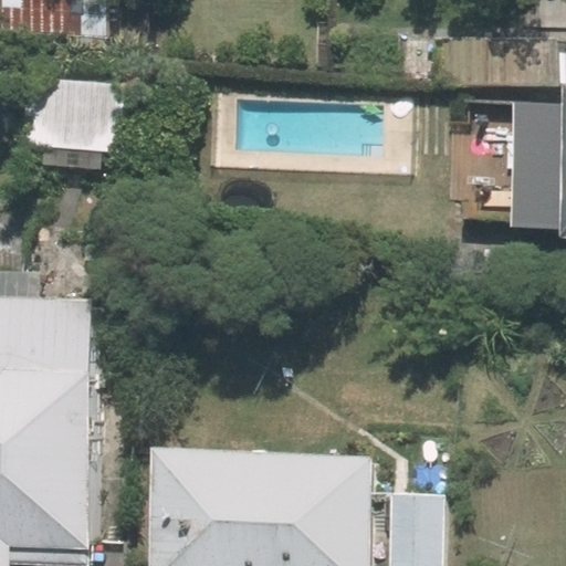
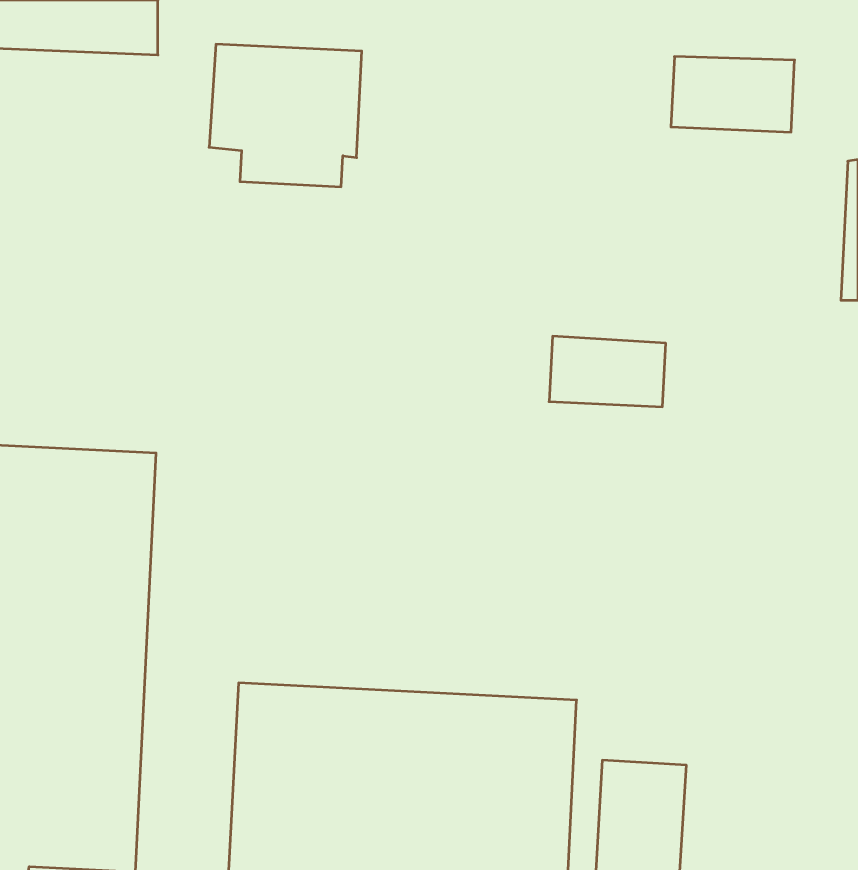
building: [19,77,117,169] -> [209,44,362,187]

